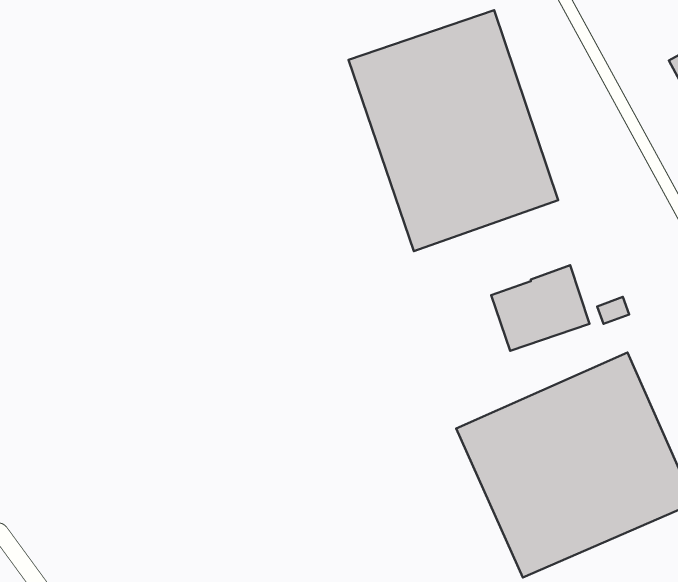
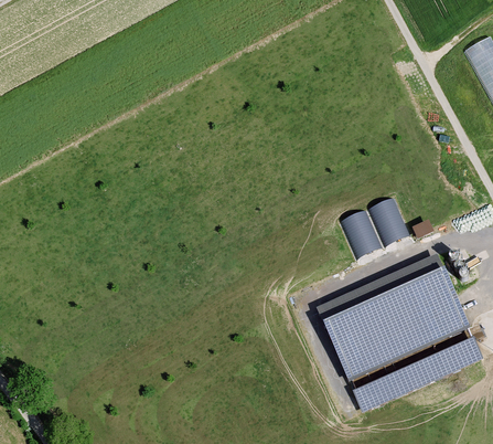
building: [348,10,558,251] -> none

